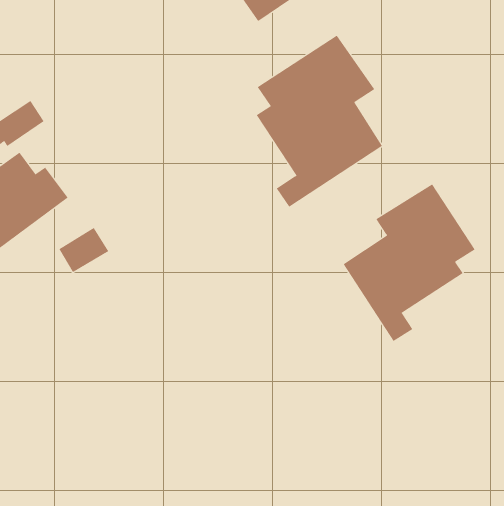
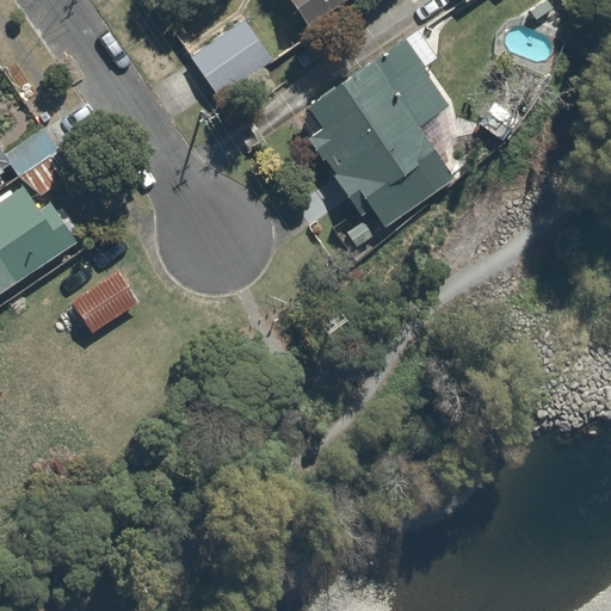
building: none -> [187,12,279,98]
building: [343,183,475,342] -> none

